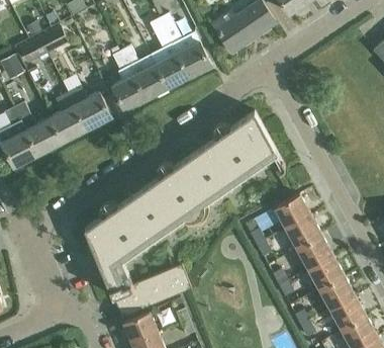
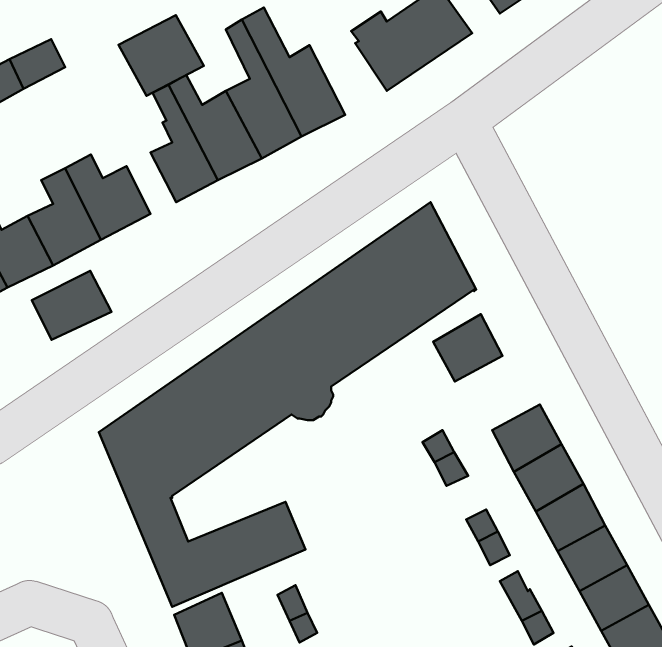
building: none -> [118,15,204,96]
building: none -> [32,271,111,340]
building: [274,193,309,228] -> [433,314,503,382]

